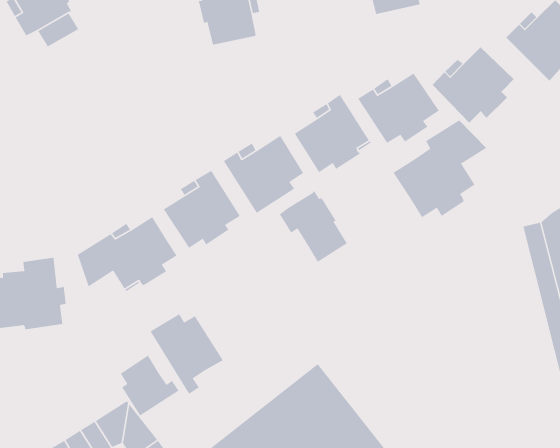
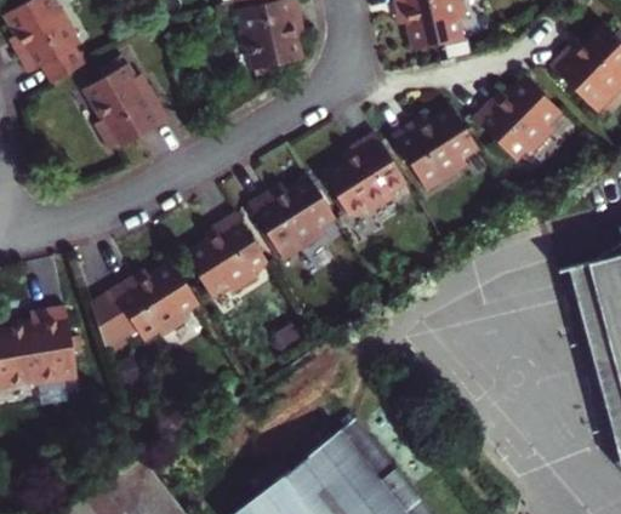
building: none -> [89,65,170,153]
building: [393,119,487,218] -> none
building: [279,190,348,263] -> none
building: [150,313,224,395] -> none
building: [120,355,180,416] -> none

